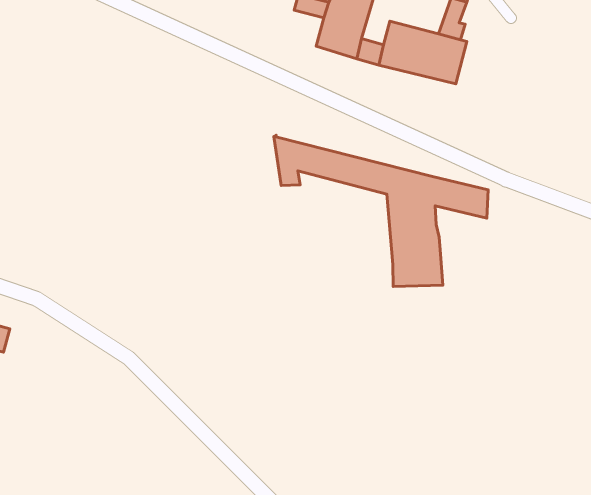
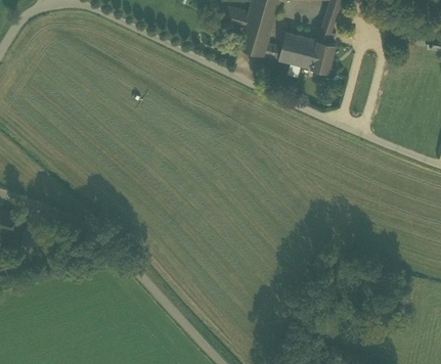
building: [274,135,488,287] -> none

